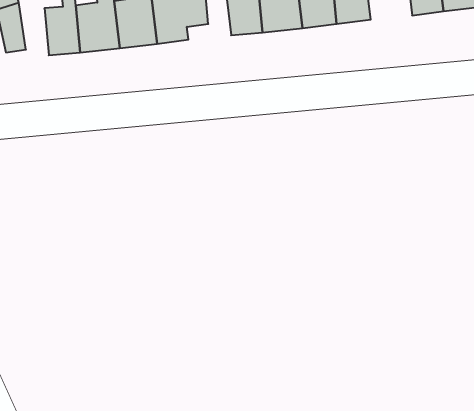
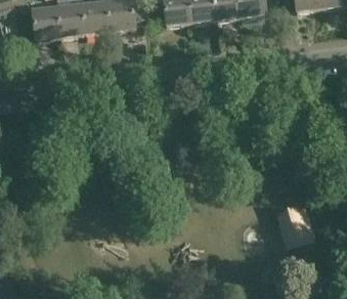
building: none -> [277,206,315,248]

